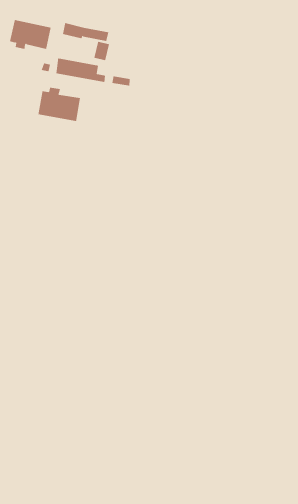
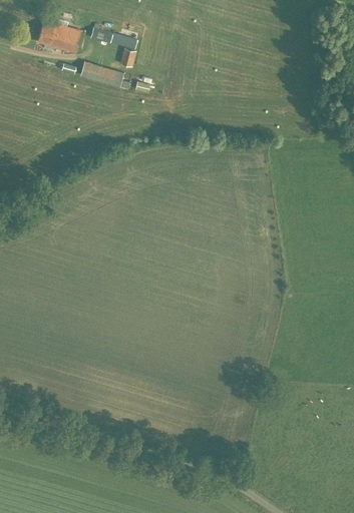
building: [38,87,81,122] -> none

